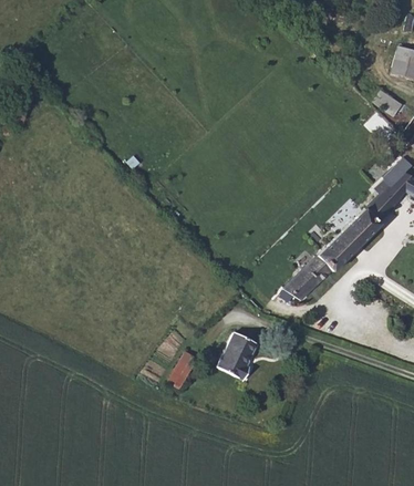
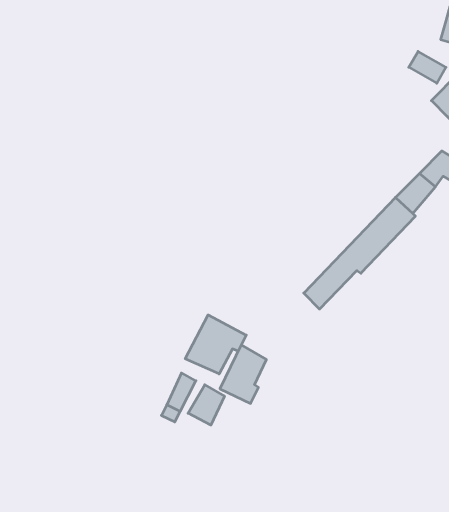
building: none -> [185,315,246,374]
building: none -> [188,385,224,425]

